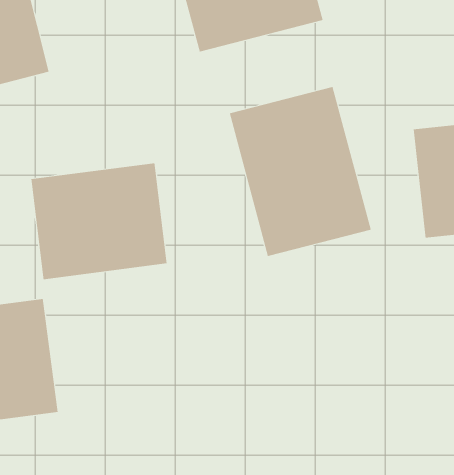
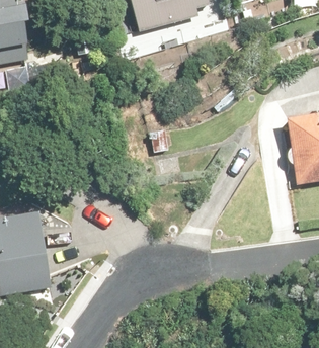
building: [229,86,371,257] -> none
building: [31,162,167,280] -> none

